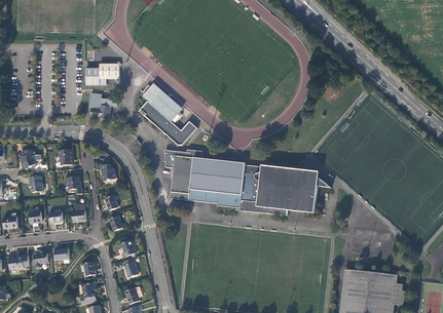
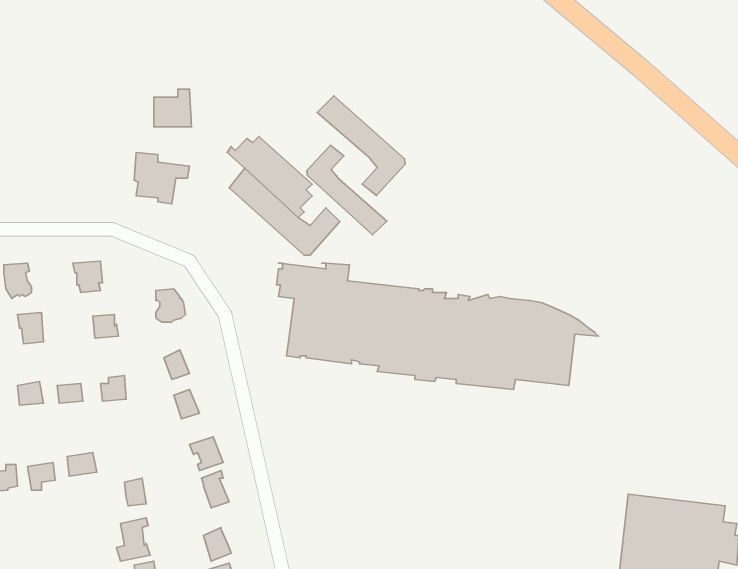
building: none -> [317,96,405,196]
building: none -> [307,145,387,235]

